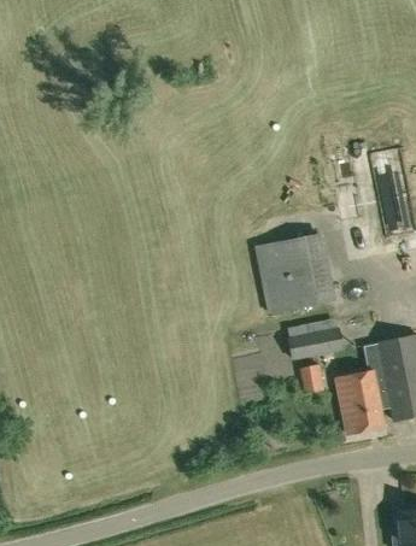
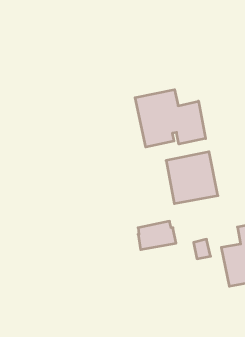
building: none -> [135,90,206,147]
building: [287,317,344,359] -> [138,221,176,250]

